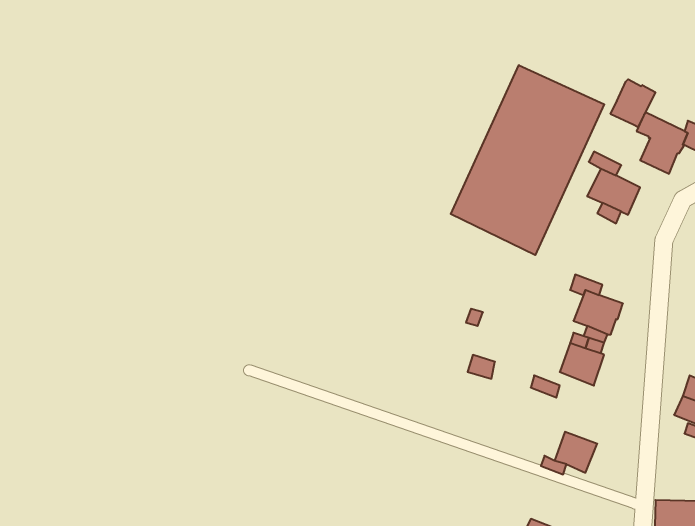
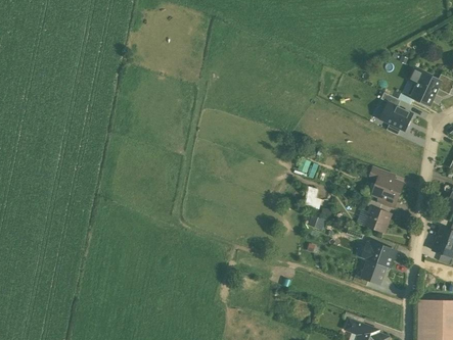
building: [451,65,604,255] -> none
building: [611,79,655,127] -> none
building: none -> [361,241,396,268]

